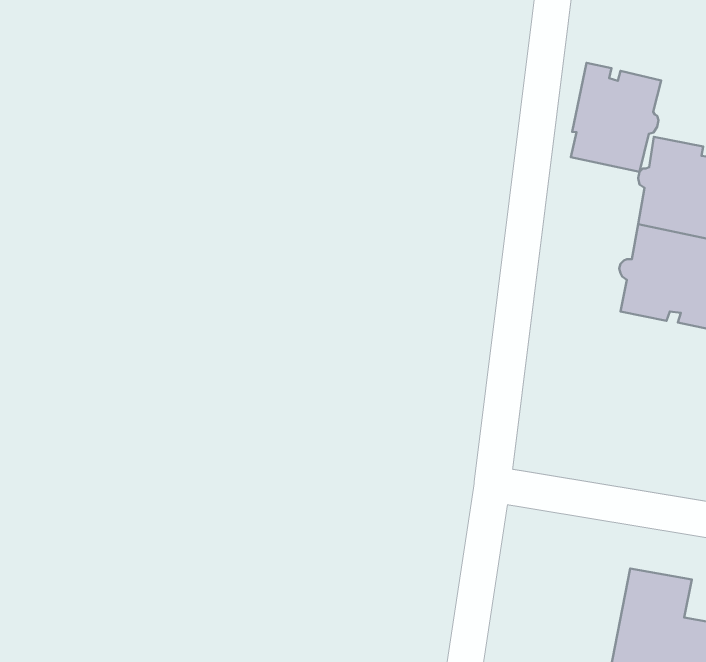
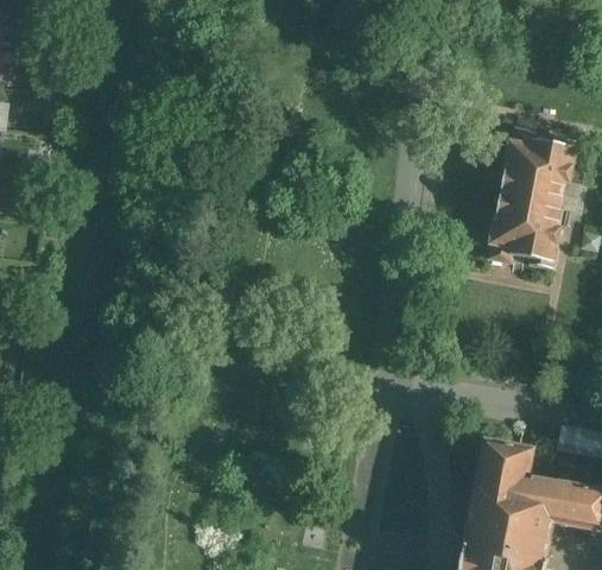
building: [571,63,661,172] -> none

